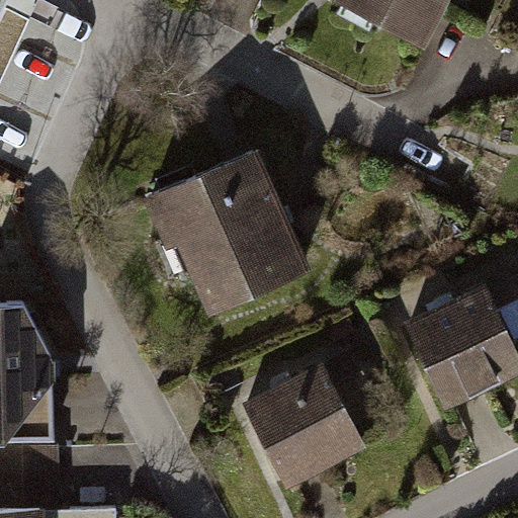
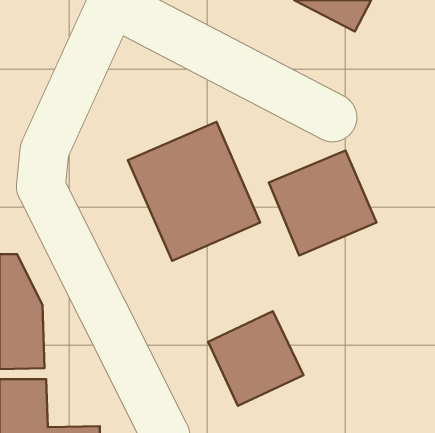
building: none -> [269,150,376,255]
building: [412,298,510,412] -> none

